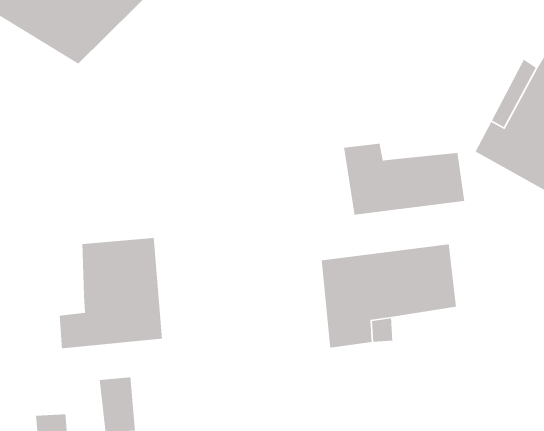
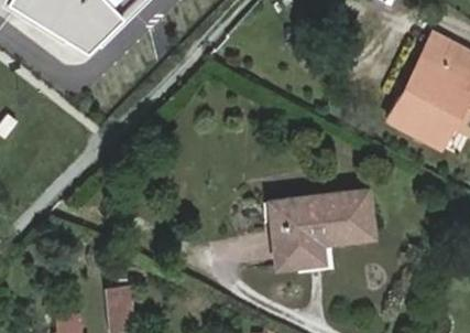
building: [343,143,465,216] -> none
building: [59,237,163,349] -> none

